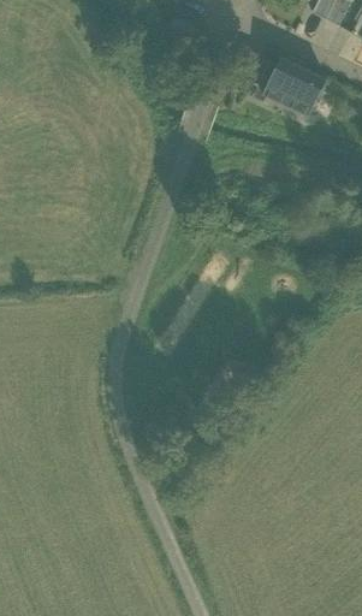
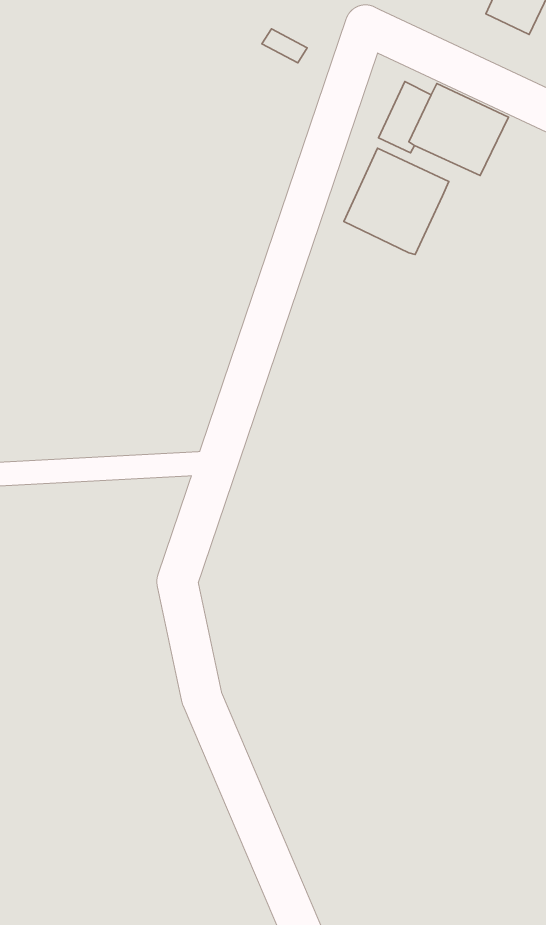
building: none -> [344,148,449,255]

